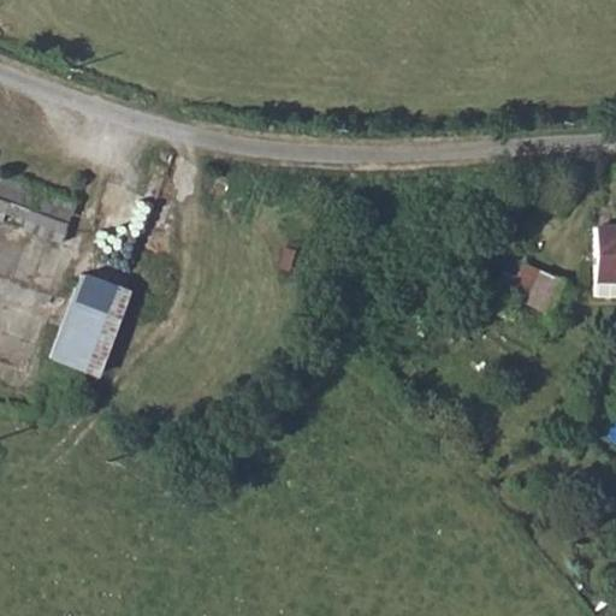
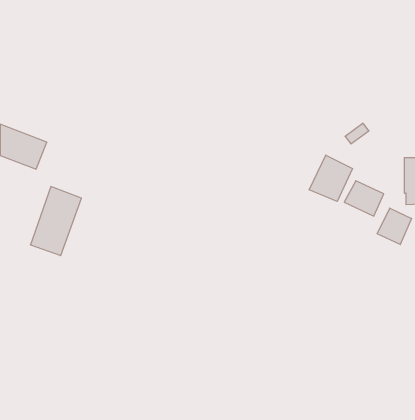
building: none -> [309,155,353,201]
building: none -> [377,208,412,245]

